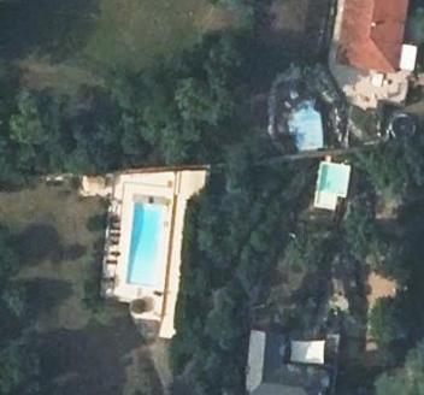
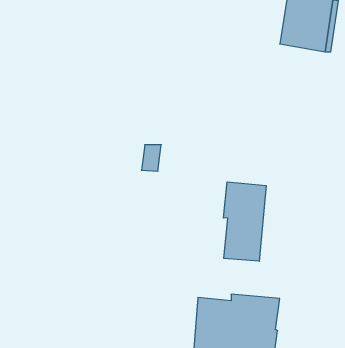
building: none -> [223,182,266,261]

